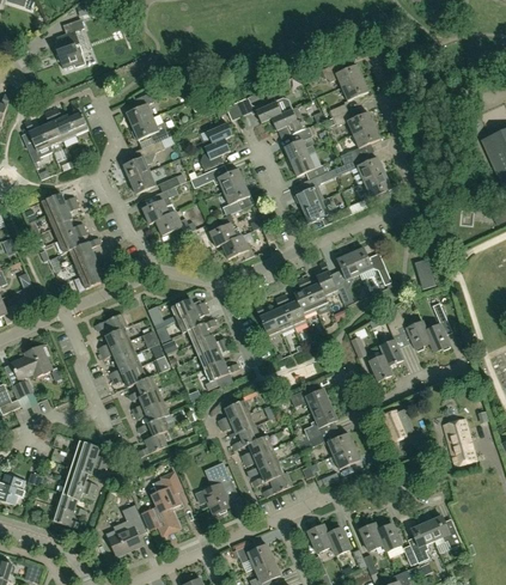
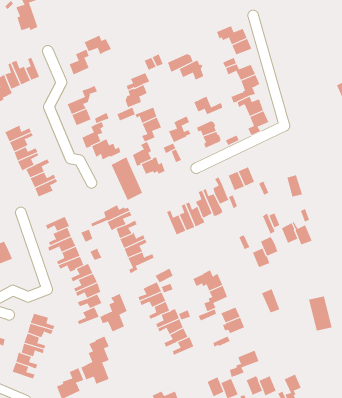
building: [132,117,169,144] -> [84,35,112,55]
building: [284,127,315,163] -> [168,116,192,143]
building: none -> [111,157,143,201]
building: [196,463,233,514] -> [99,293,127,332]
building: none -> [229,350,259,378]
building: [426,516,462,548] -> none

